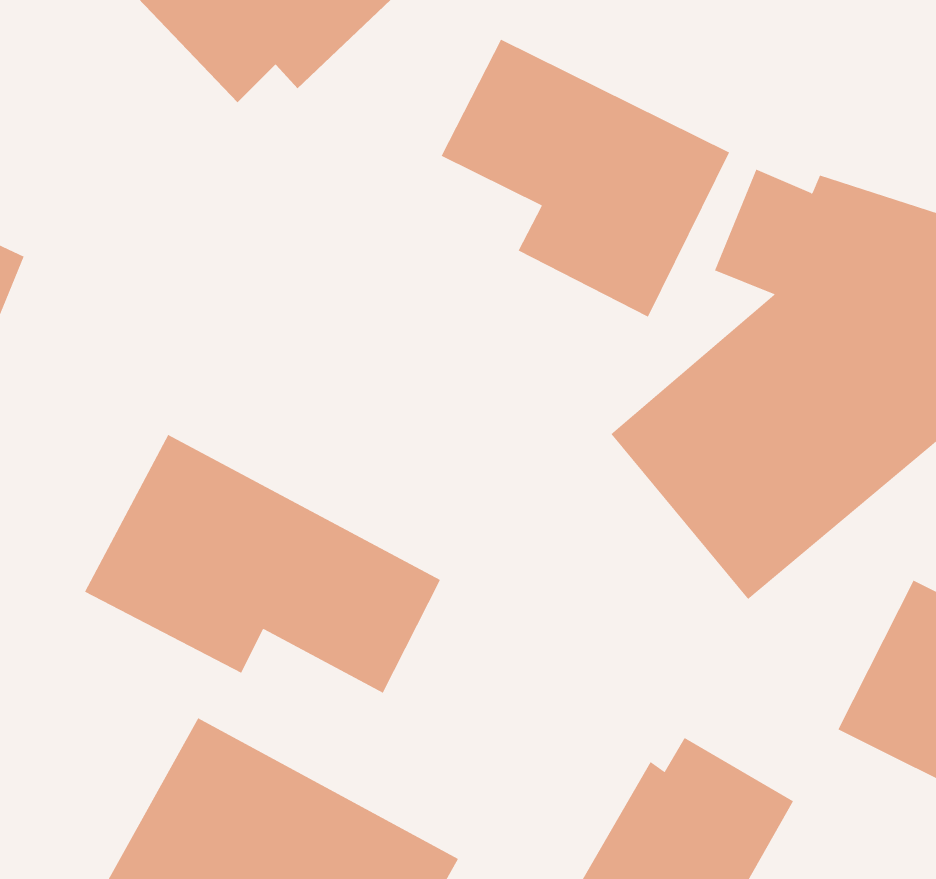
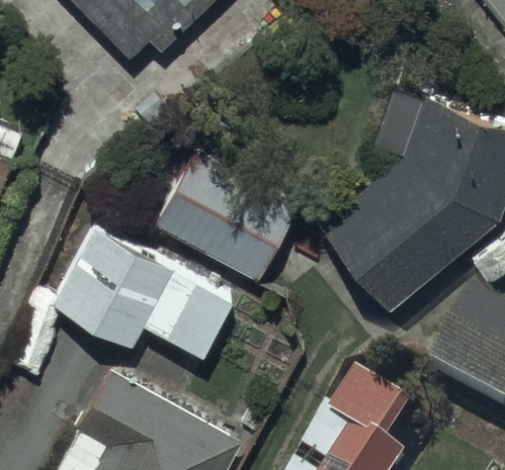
building: [441,39,730,317] -> none
building: none -> [154,154,296,282]

